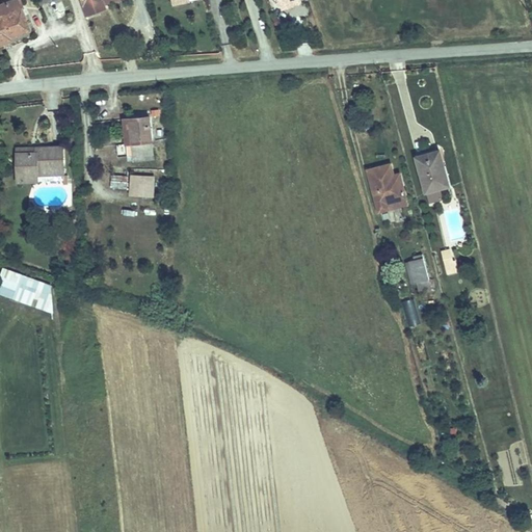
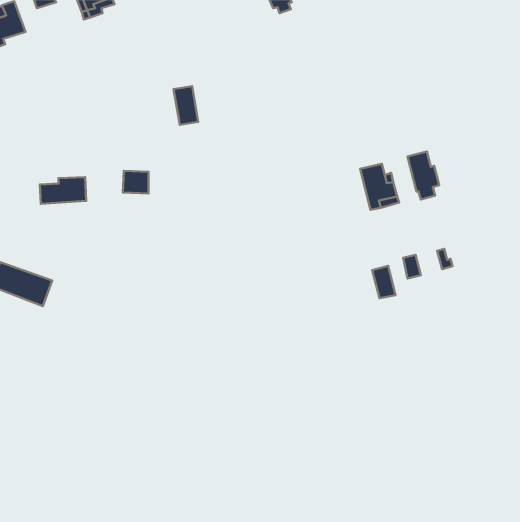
building: [129,114,154,154] -> [174,86,198,125]
building: [18,143,64,170] -> [40,177,86,204]
building: none -> [372,266,395,298]

